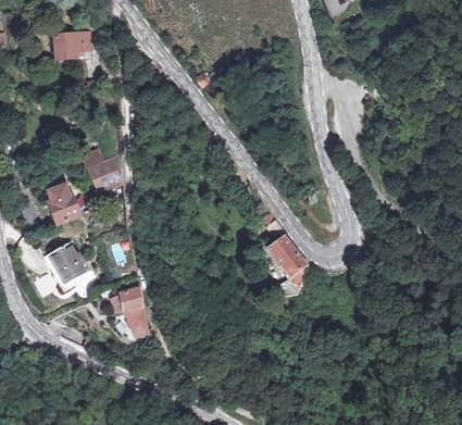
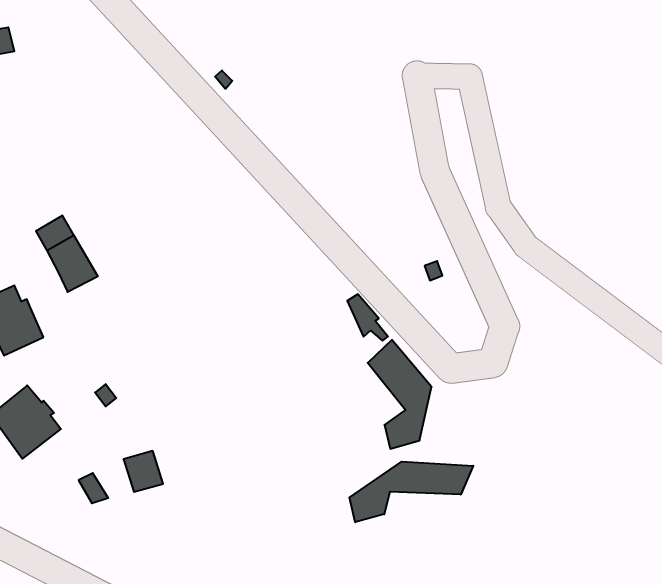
building: none -> [349,462,473,522]
building: [125,307,149,337] -> none

